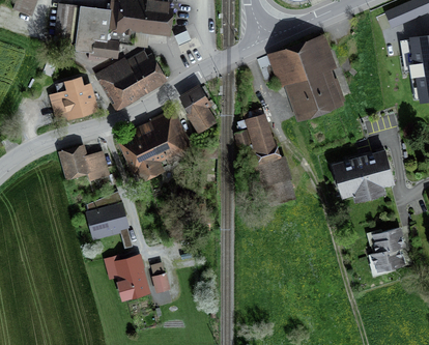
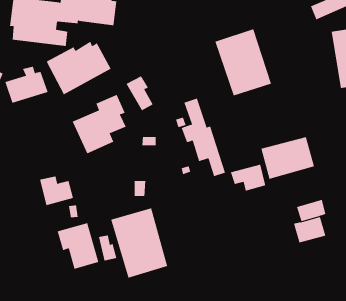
building: [59,146,106,180] -> none
building: none -> [230,164,266,191]
building: none -> [111,208,168,279]

